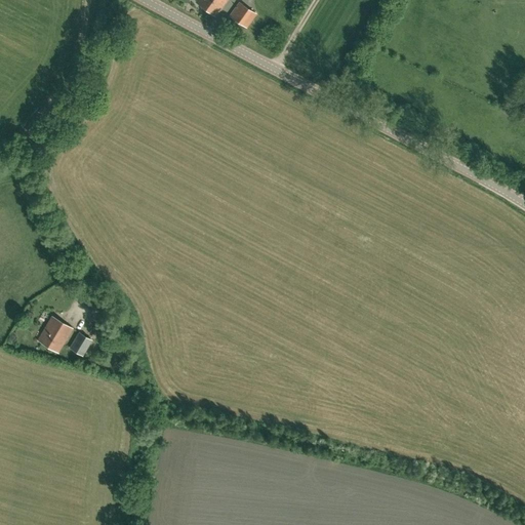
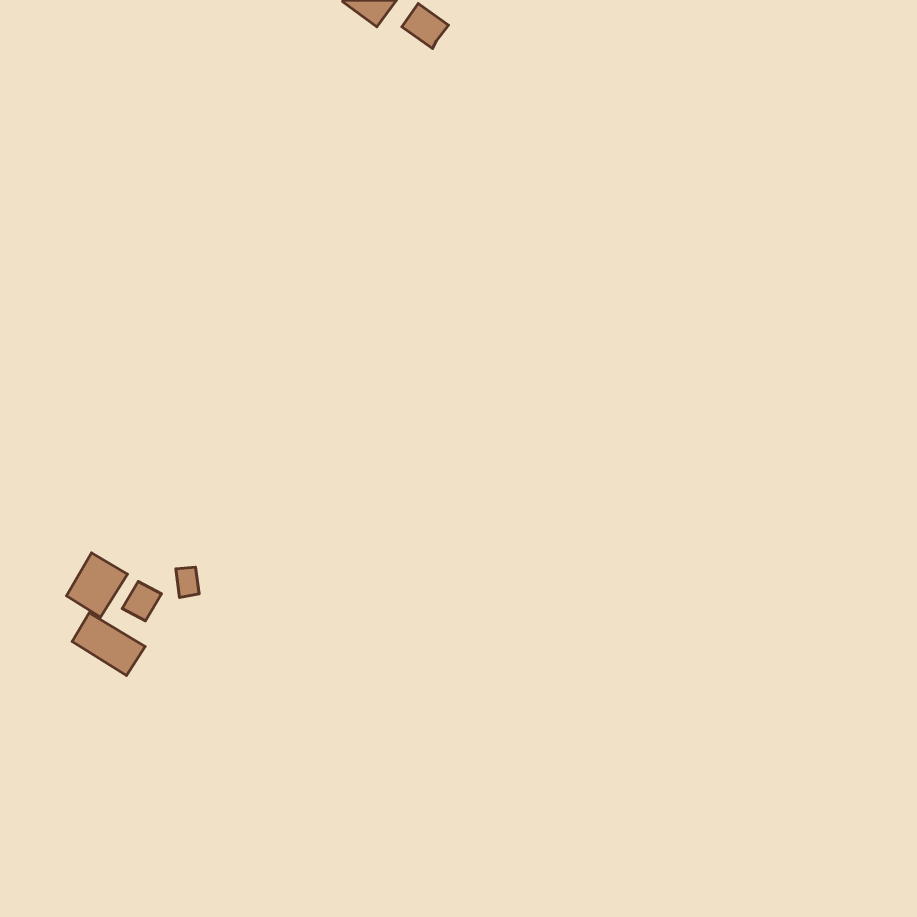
building: none -> [72,613,145,675]

